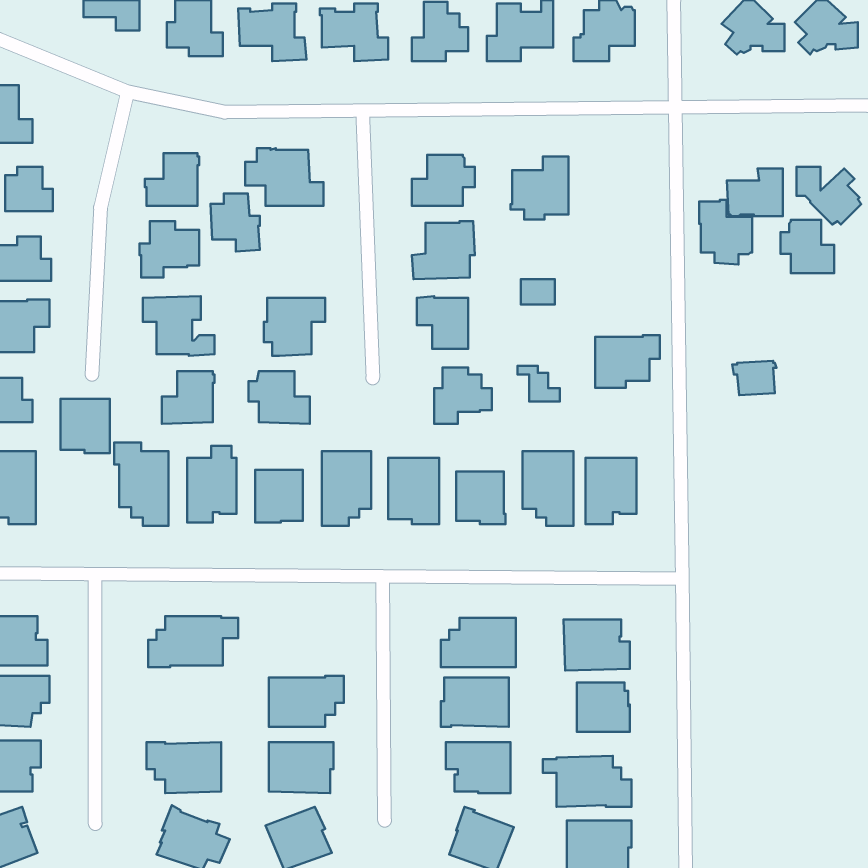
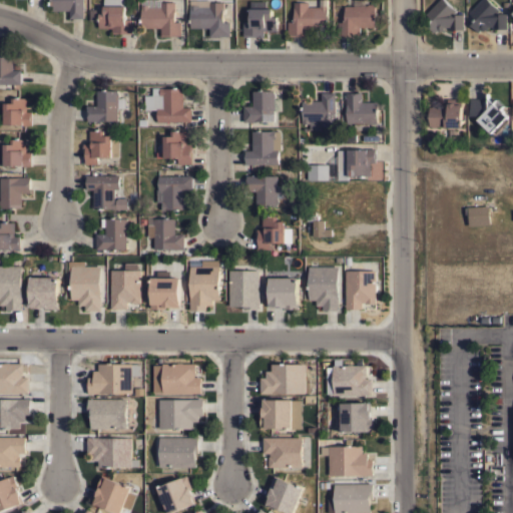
building: [210,194,260,252] -> [162,131,191,165]
building: [699,200,752,265] -> [345,93,376,131]
building: [781,220,834,273] -> none
building: [595,335,660,388] -> [337,149,375,180]
building: [732,361,776,395] -> [464,206,490,226]
building: [61,399,110,453] -> [29,278,58,310]
building: none -> [152,364,199,394]
building: none -> [87,400,125,429]

